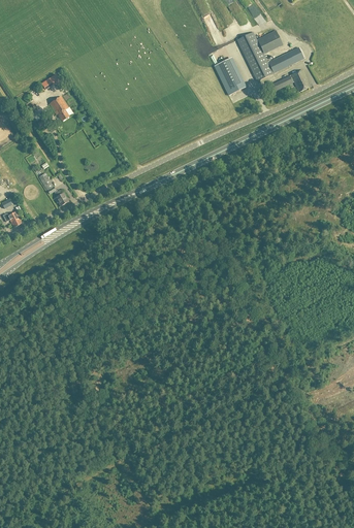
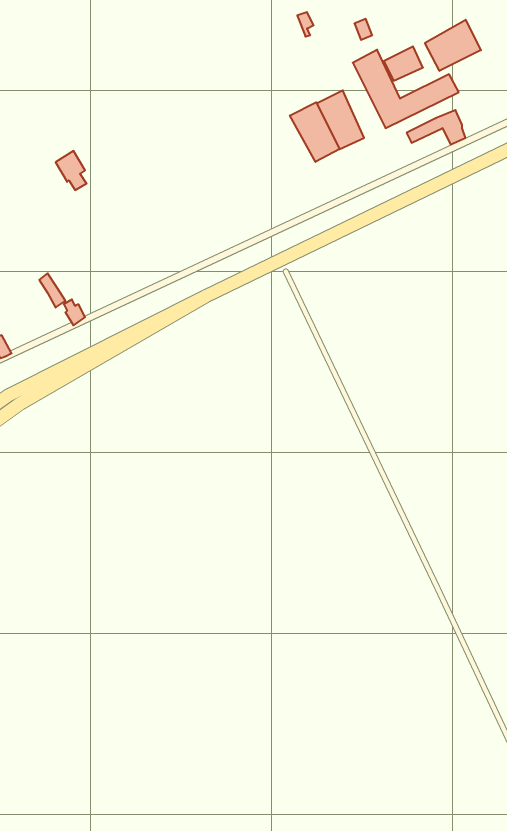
building: none -> [425,20,481,71]
building: none -> [290,102,340,162]

